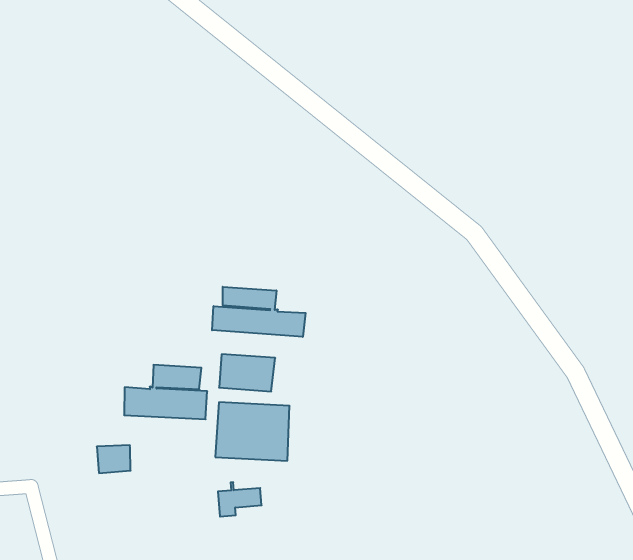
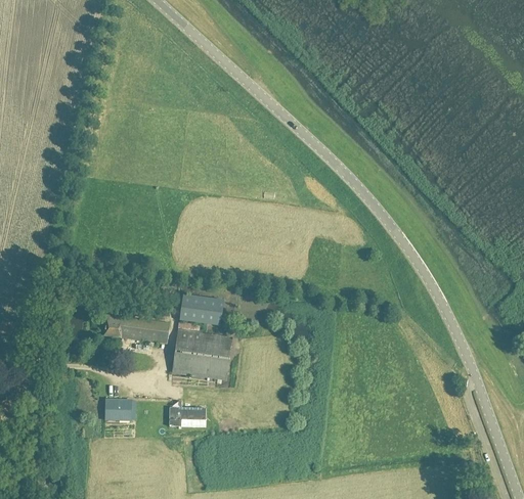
building: [212,287,306,337] -> none
building: [97,445,131,473] -> [105,400,131,420]

